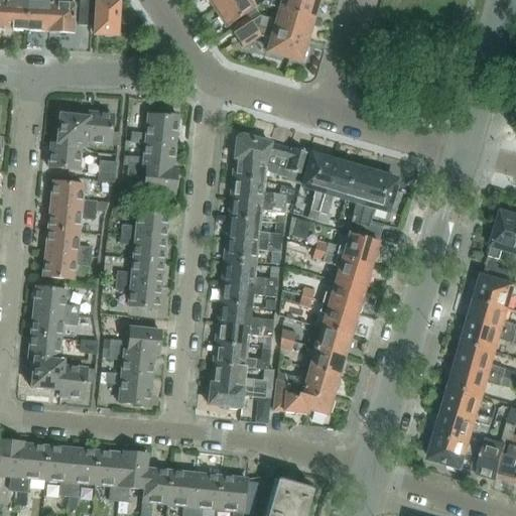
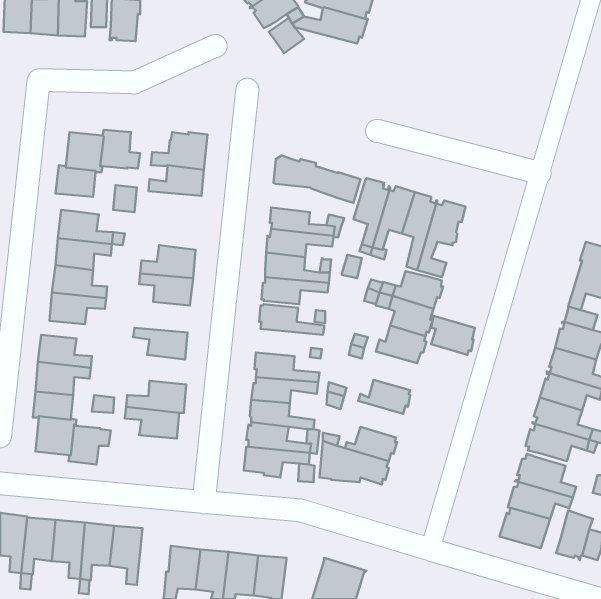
building: [253,23,307,59] -> none
building: [233,157,290,181] -> none
building: [127,163,177,192] -> none
building: [116,258,163,284] -> none
building: [220,281,277,304] -> none
building: [320,300,358,334] -> [431,316,475,355]
building: [305,343,346,374] -> none
building: [106,370,152,405] -> none
building: [118,450,148,501] -> none

